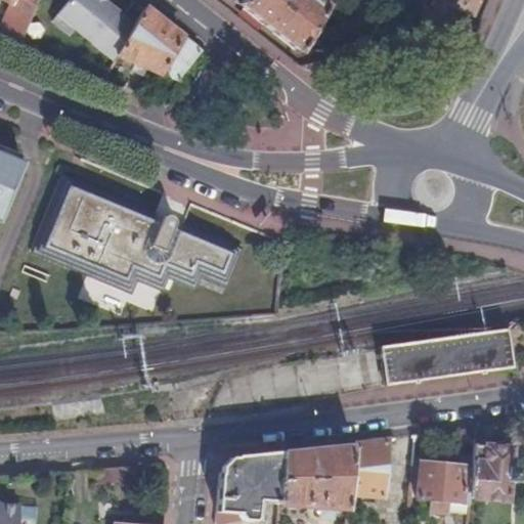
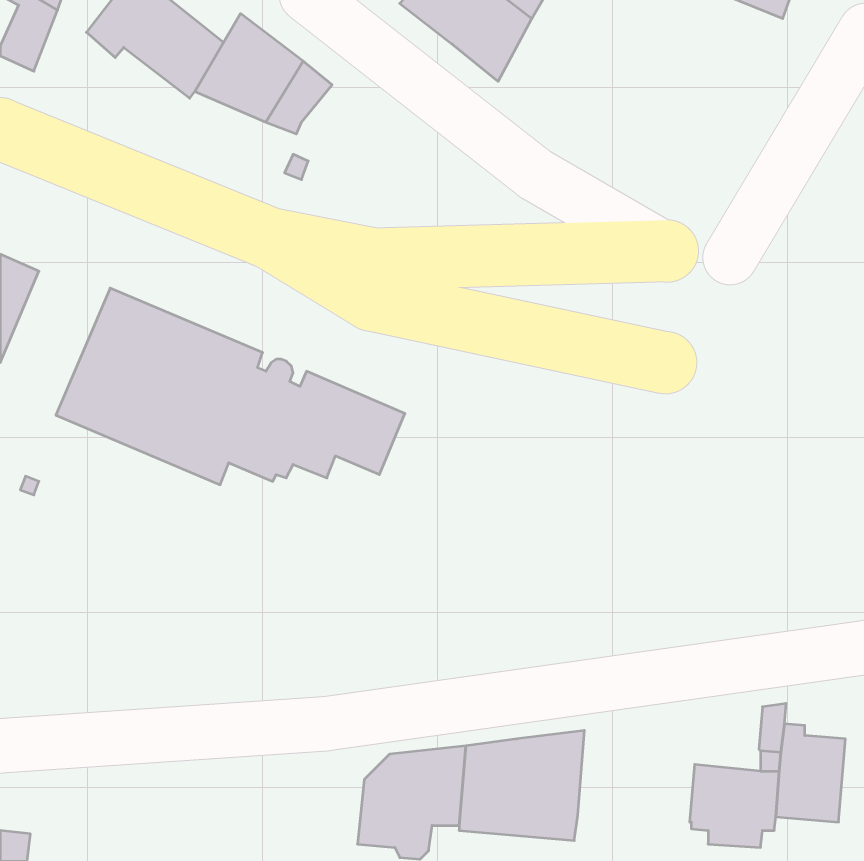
building: [382,331,514,385] -> none
building: [350,436,389,495] -> none

